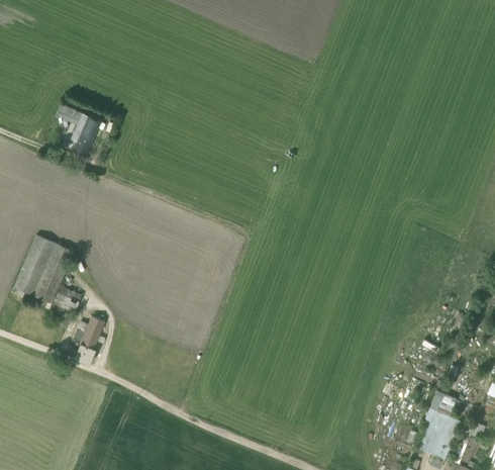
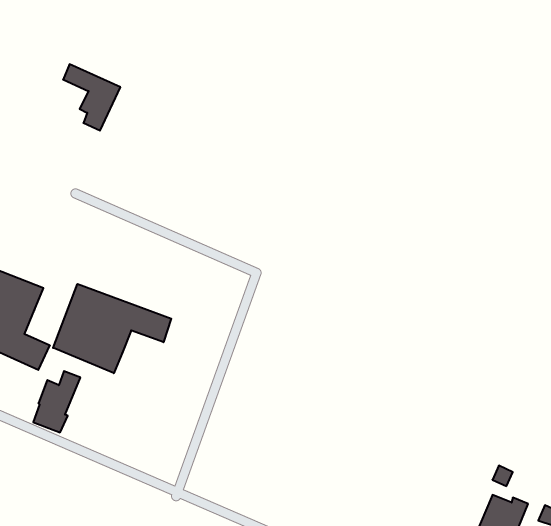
building: [55,104,100,157] -> [63,64,120,131]
building: none -> [53,284,171,373]

